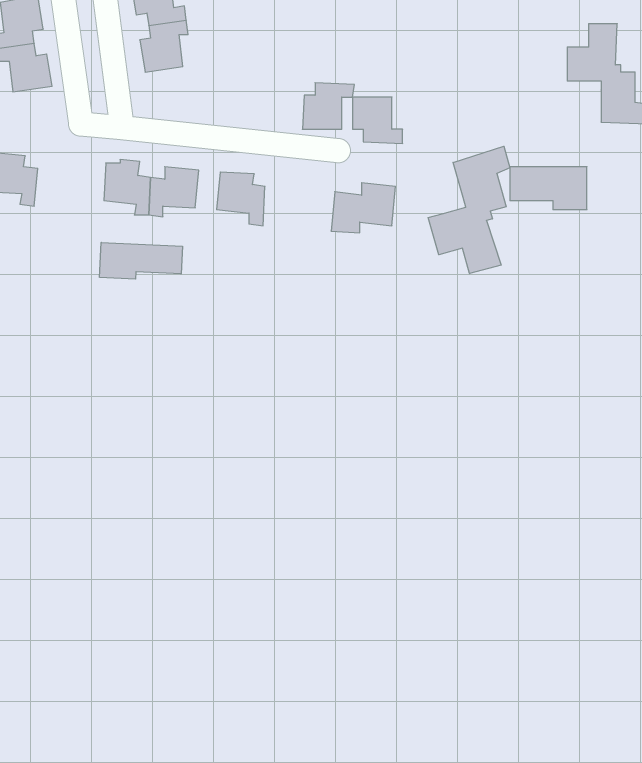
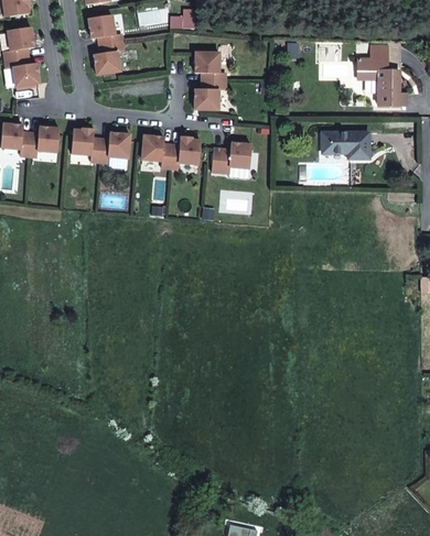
building: [353,97,403,143] -> [195,53,226,81]
building: [428,146,510,274] -> none
building: none -> [29,127,60,157]
building: none -> [170,135,201,168]
building: [100,242,182,279] -> none

